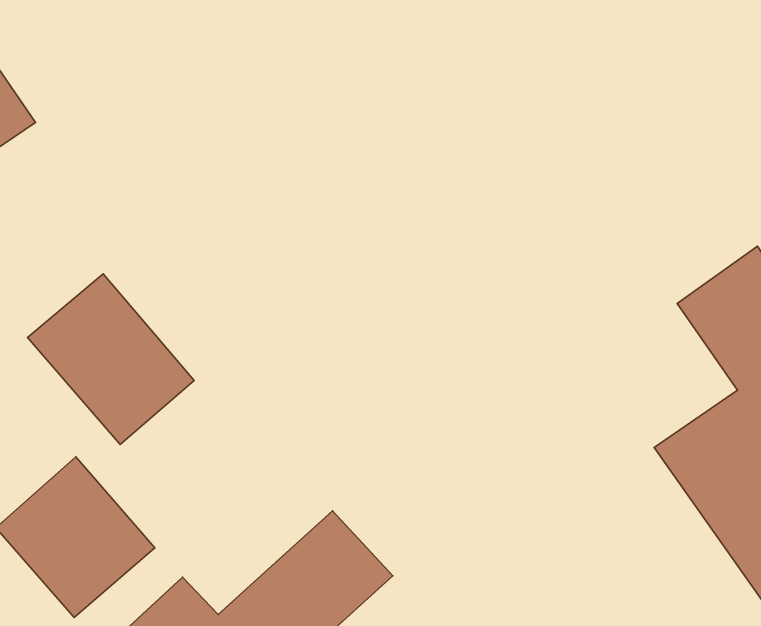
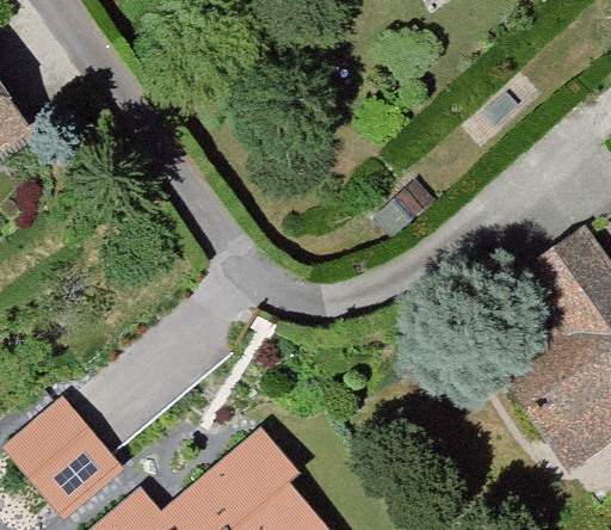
building: [27,274,194,445] -> none

